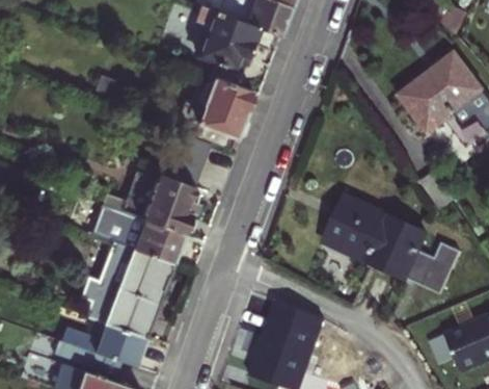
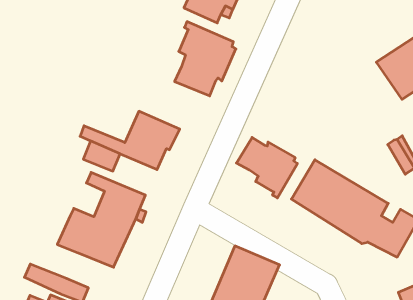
building: none -> [236,137,297,198]
building: [101,213,184,255] -> none
building: [97,321,145,363] -> none

